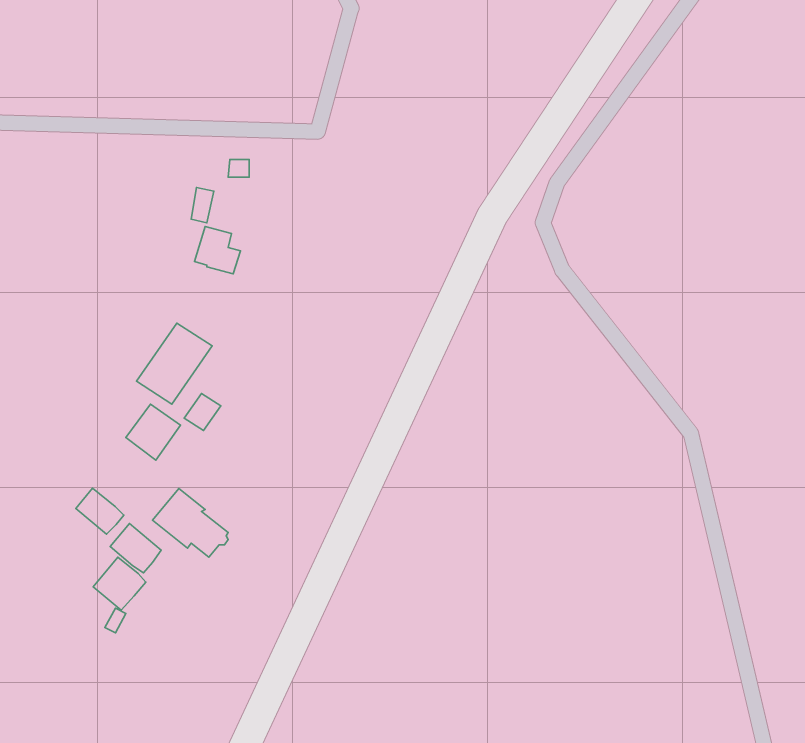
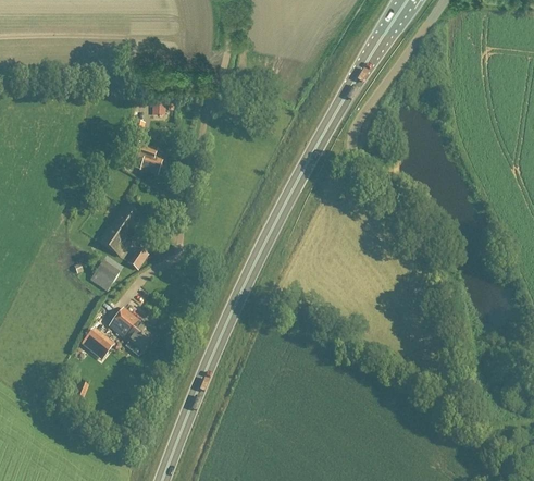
building: [76,488,124,534] -> none
building: [93,557,146,610] -> none

